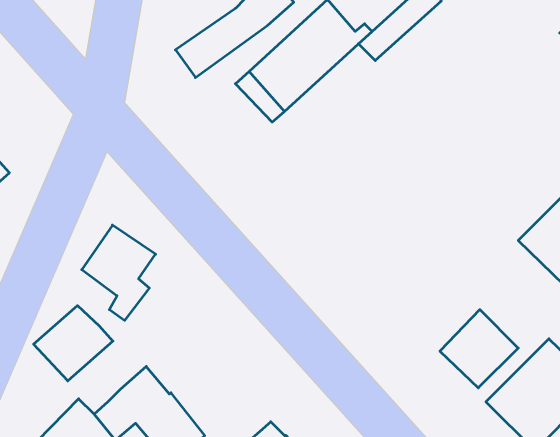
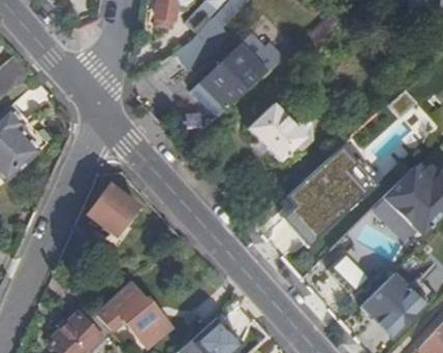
building: none -> [248,103,305,161]
building: none -> [281,147,374,248]
building: [34,306,113,381] -> none

